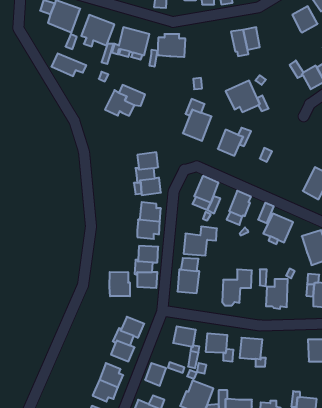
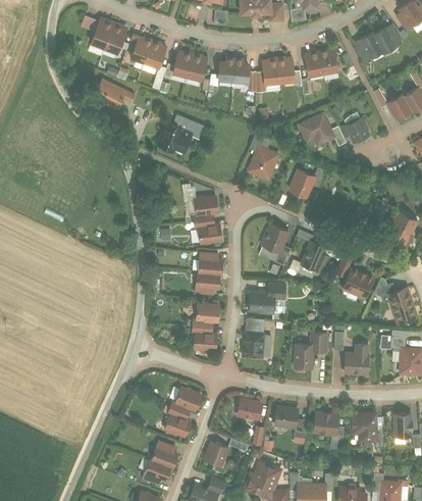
building: none -> [354,32,383,62]
building: none -> [261,56,294,84]
building: none -> [344,115,371,143]
building: [110,272,130,296] -> none
building: none -> [350,411,378,443]

